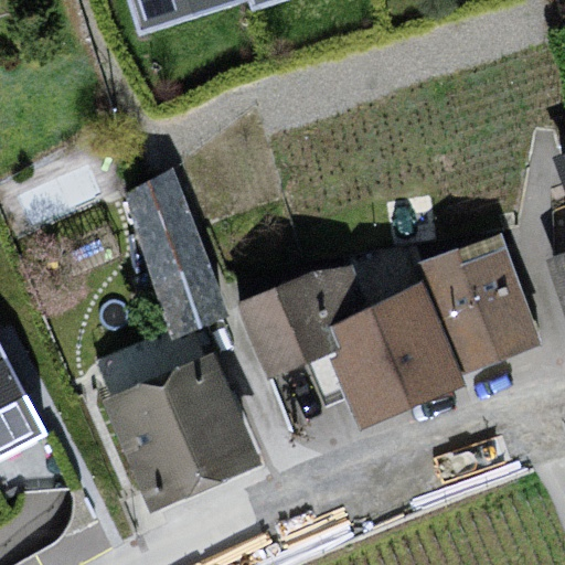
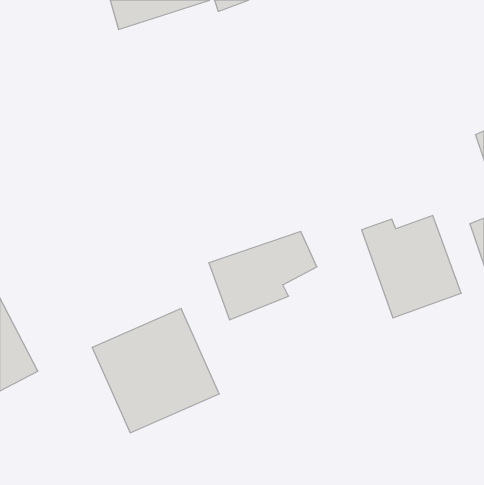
building: [129,173,222,331] -> none
building: [329,282,466,423] -> none

